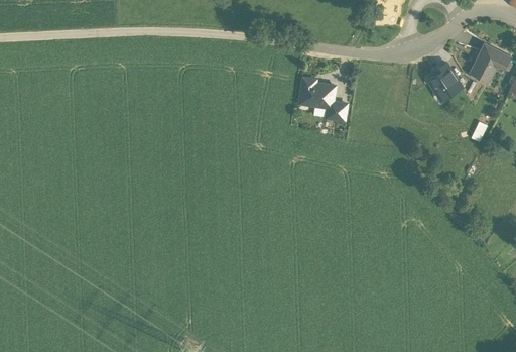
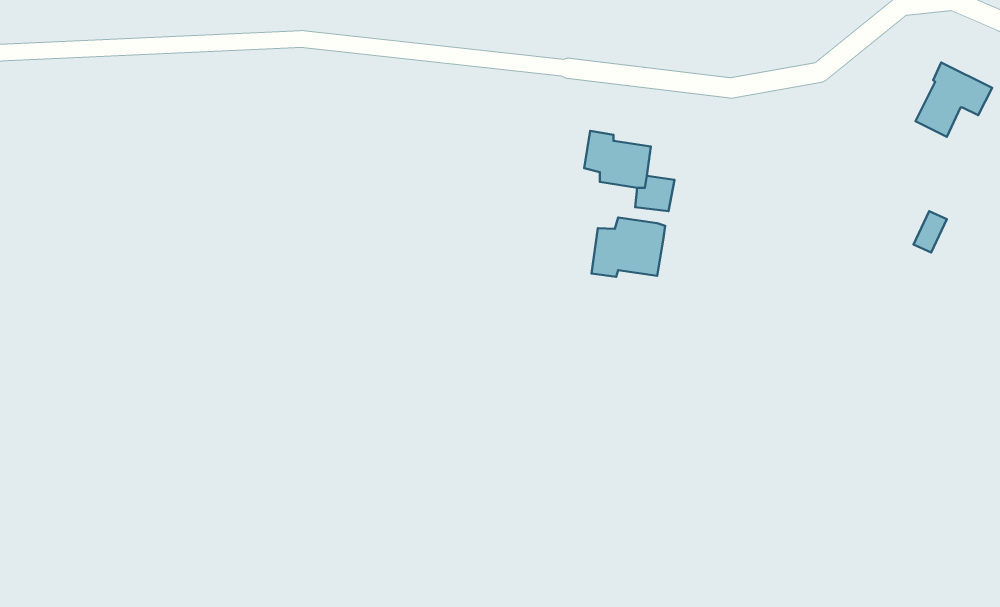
building: [428,64,462,97] -> none
building: none -> [591,218,665,277]

